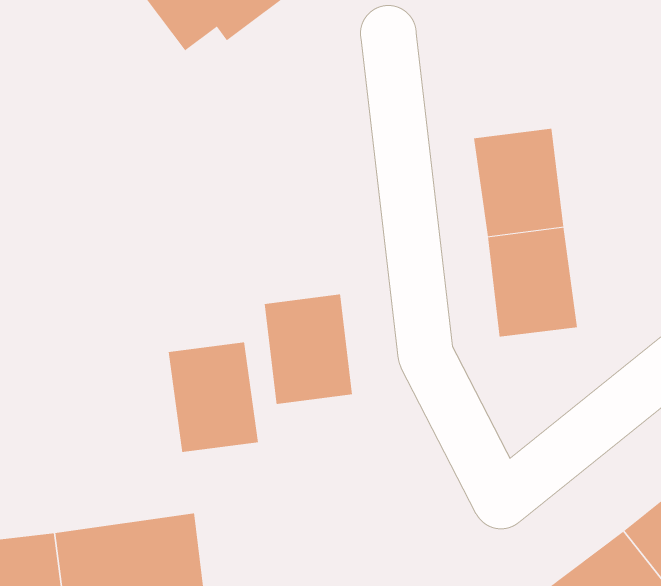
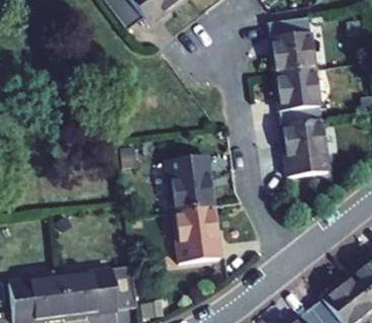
building: none -> [269,17,315,74]
building: [168,342,259,452] -> [174,206,220,262]

